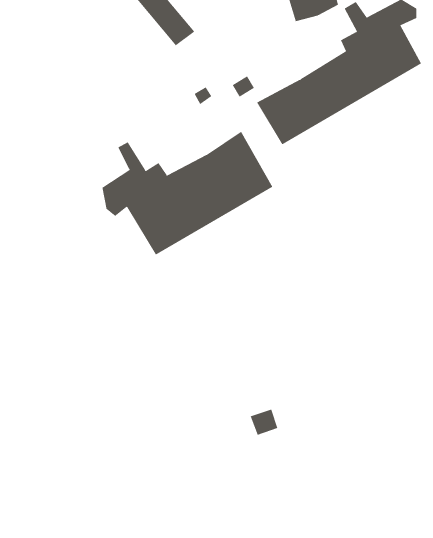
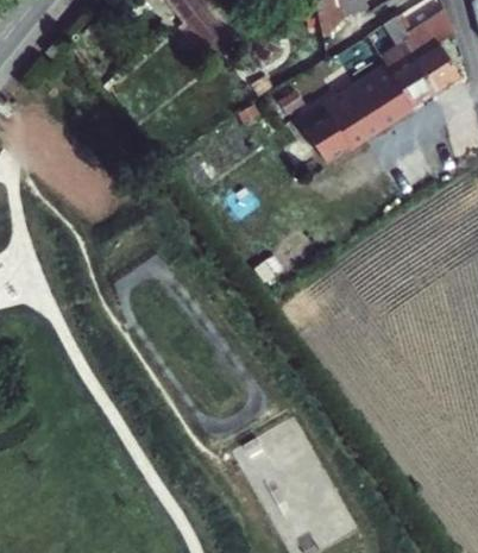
building: [102,131,273,256] -> none

